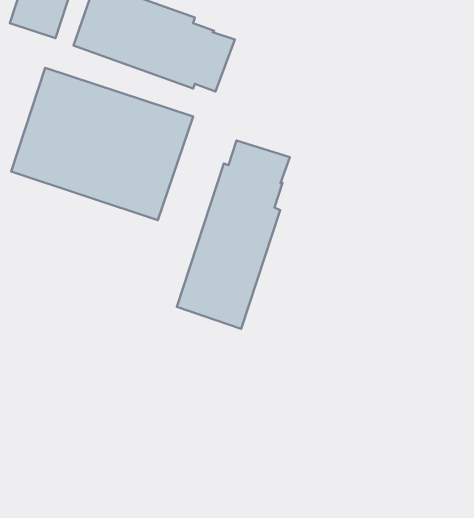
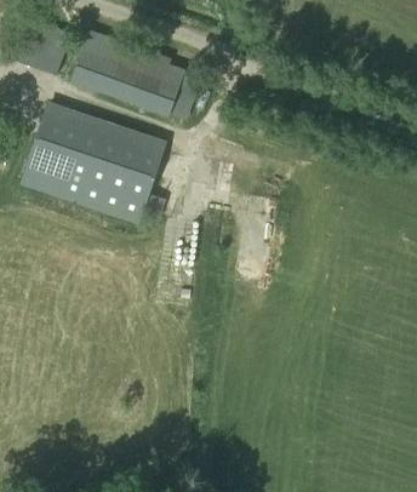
building: [177,140,290,329] -> none

